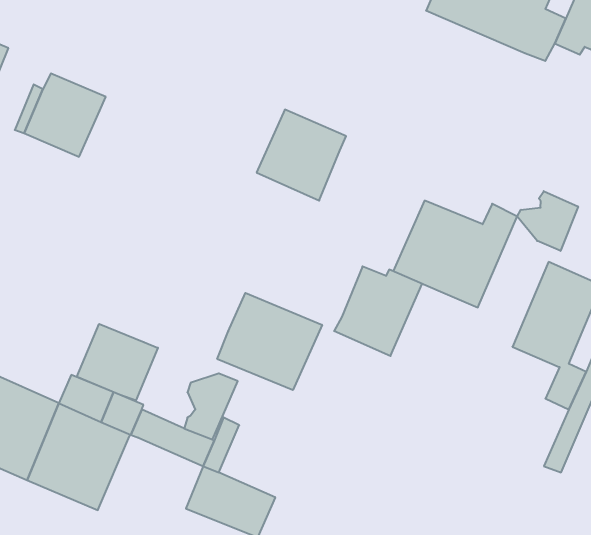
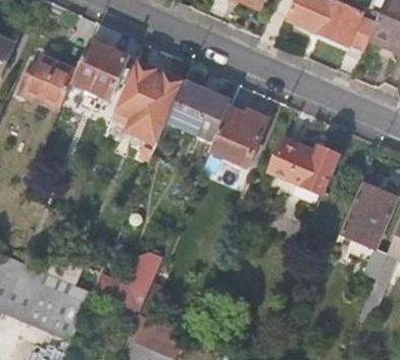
building: none -> [71,39,130,100]
building: none -> [115,62,183,152]
building: [517,191,578,251] -> none
building: [334,266,422,356] -> [209,108,266,166]
building: [217,293,322,390] -> none
building: [77,324,158,401] -> none

